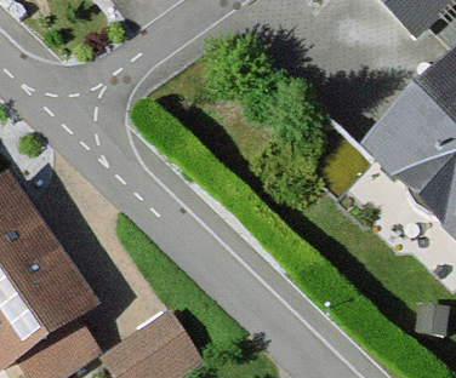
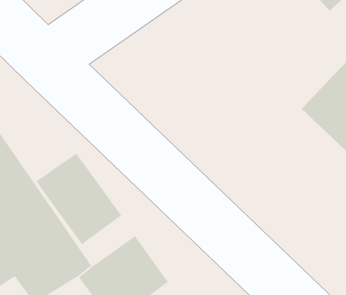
building: none -> [36,153,122,245]

